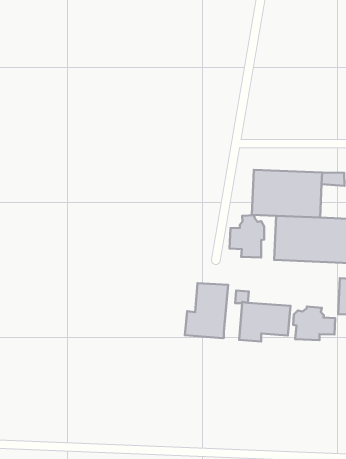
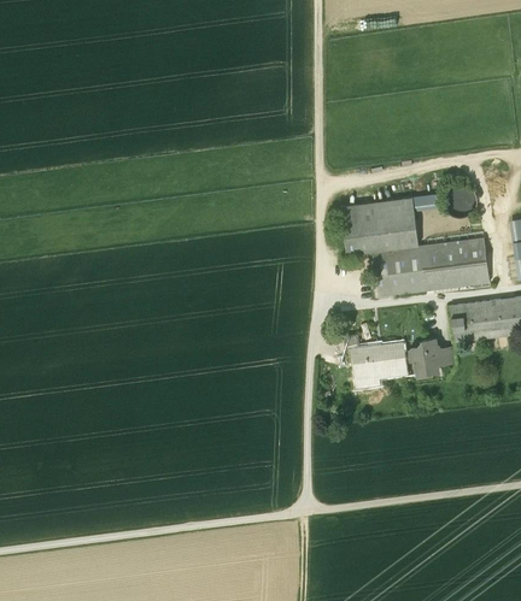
building: [230,215,264,258] -> none
building: [185,283,228,338] -> none

